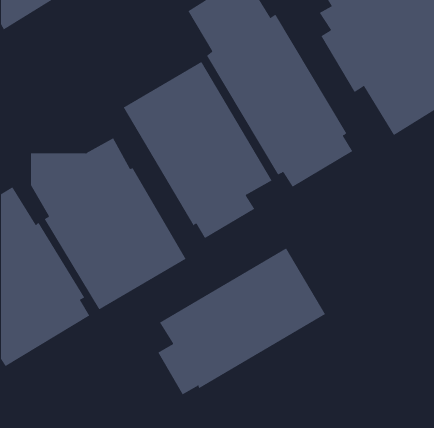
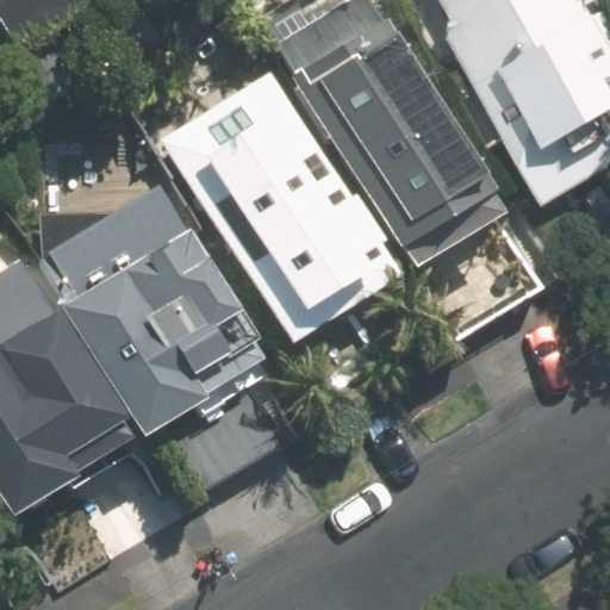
building: [157,248,326,395] -> none

